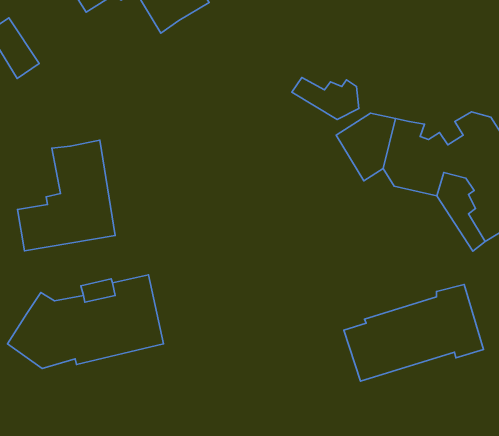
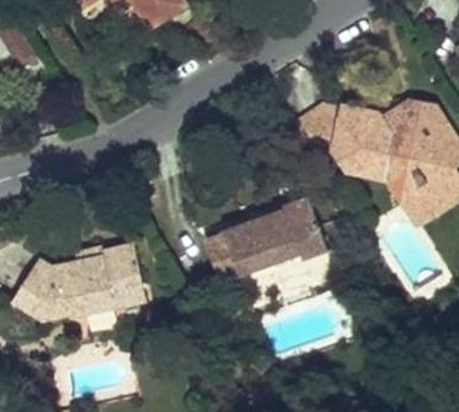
building: [292,78,359,120] -> none
building: [17,140,115,251] -> none
building: [344,285,483,381] -> [204,197,326,282]

